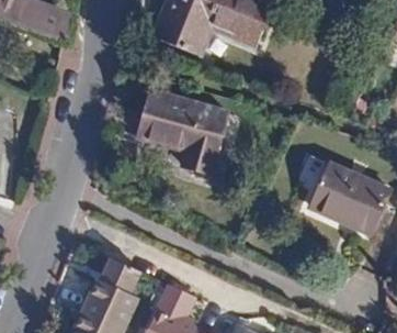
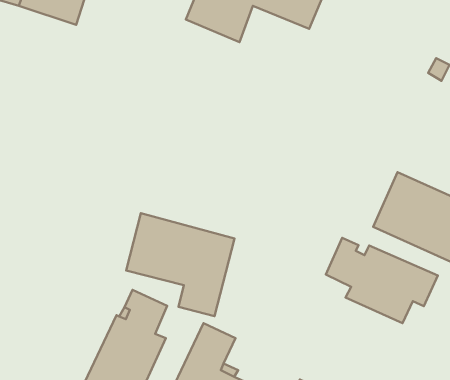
building: [138,90,227,175] -> [126,213,235,316]
building: none -> [326,238,438,323]

